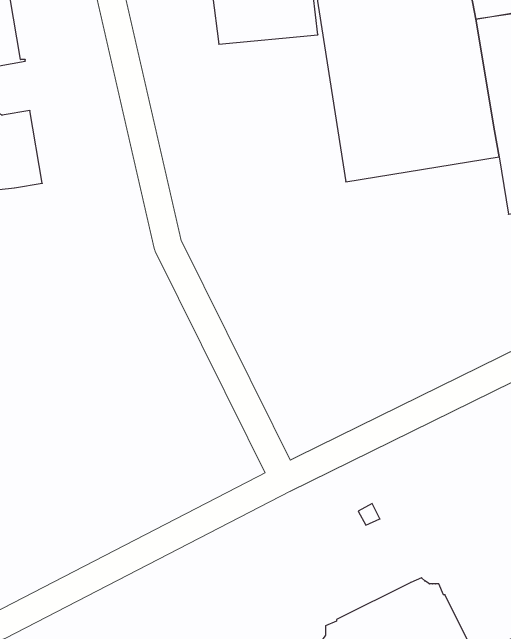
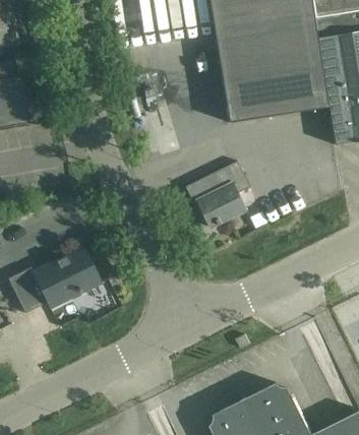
building: none -> [184,162,249,228]
building: none -> [7,248,100,314]

